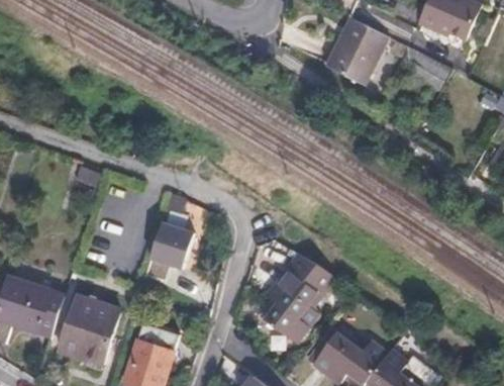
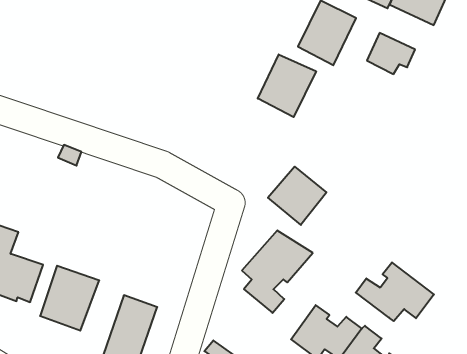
building: none -> [258,54,316,117]
building: none -> [268,167,326,225]
building: [150,224,195,271] -> none
building: none -> [356,262,434,321]

